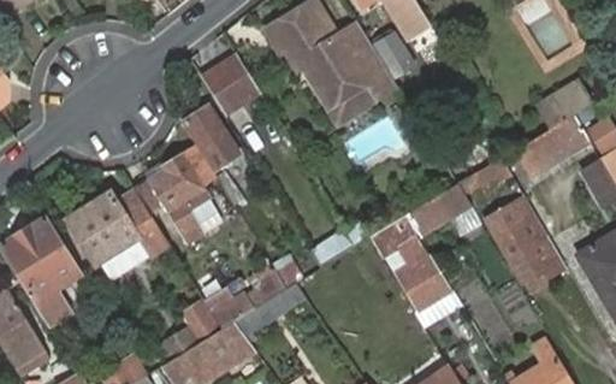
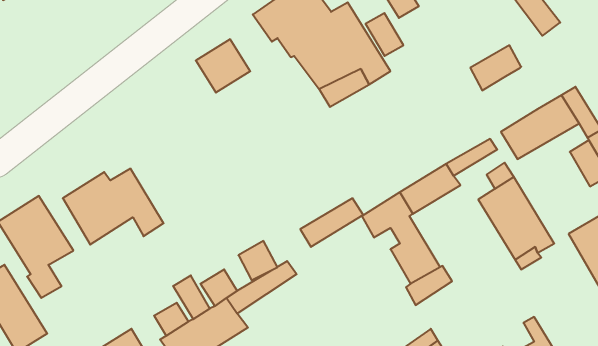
building: [537,83,588,129] -> [470,45,521,90]
building: [185,107,238,169] -> none
building: [149,153,203,240] -> none

